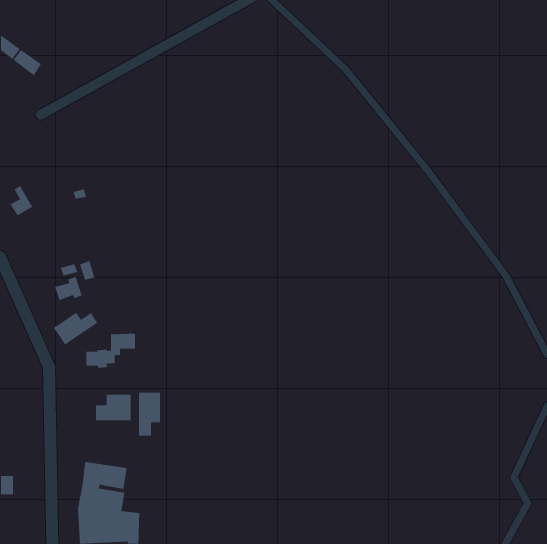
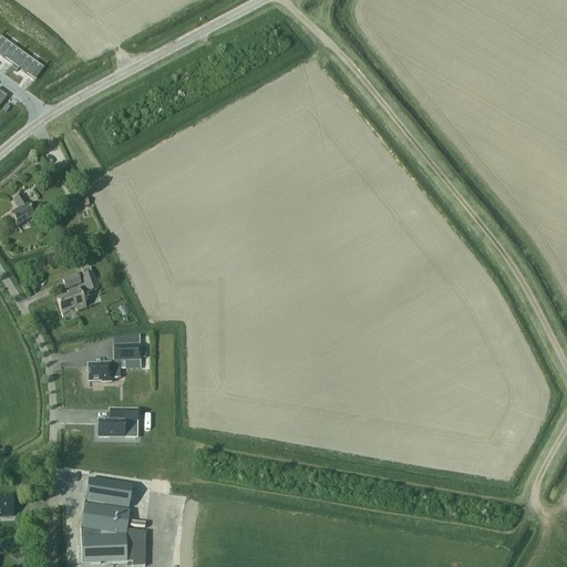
building: [53,312,98,345] -> none
building: [138,392,160,436] -> none

